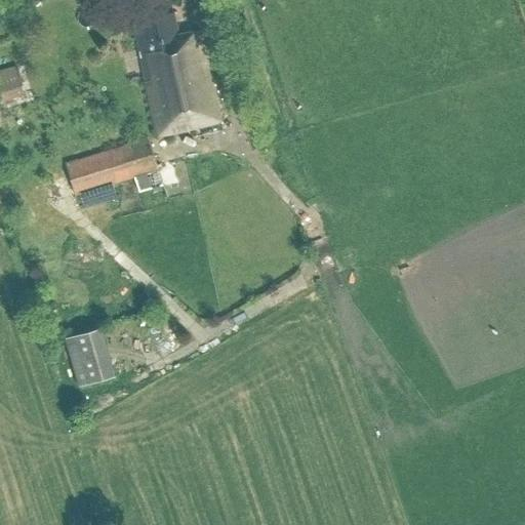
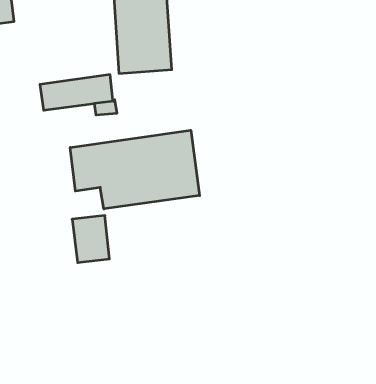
building: none -> [70,130,200,209]
building: [64,327,115,388] -> [72,216,109,263]

